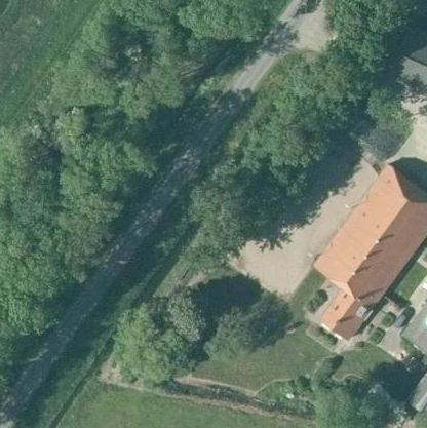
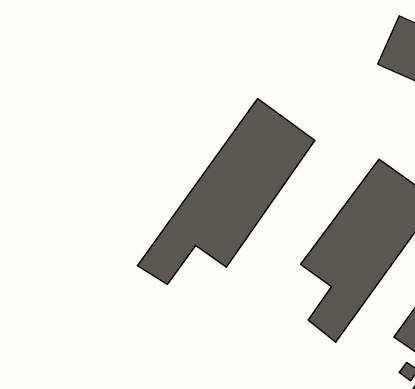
building: none -> [137,99,315,284]

